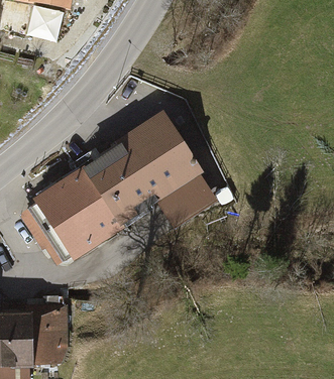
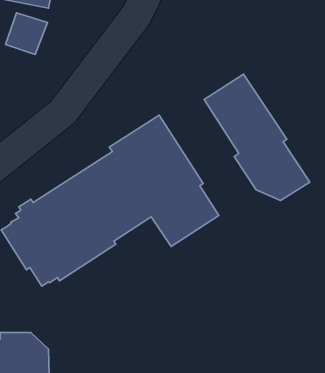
building: none -> [204,74,310,200]

